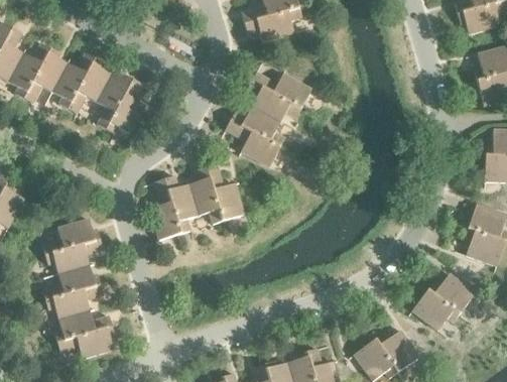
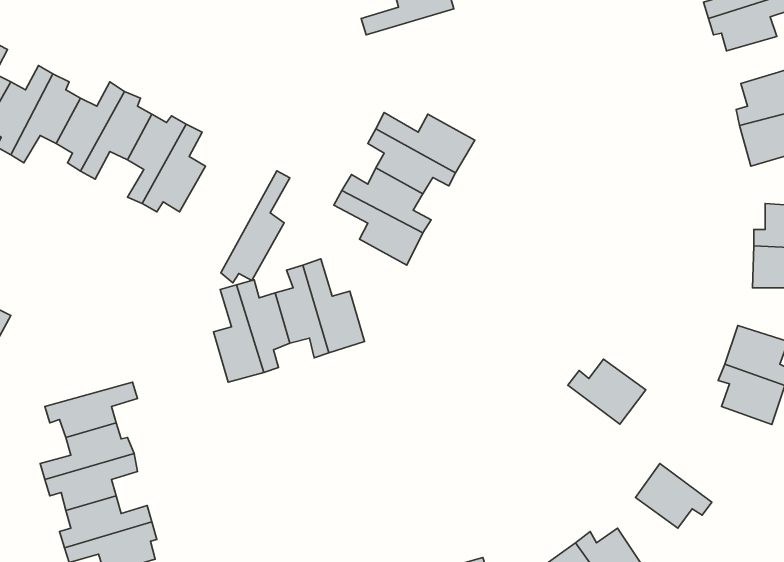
building: [245,7,302,41] -> none
building: none -> [221,171,290,283]
building: [42,219,100,254] -> none
building: [427,273,476,313] -> [568,359,646,424]

